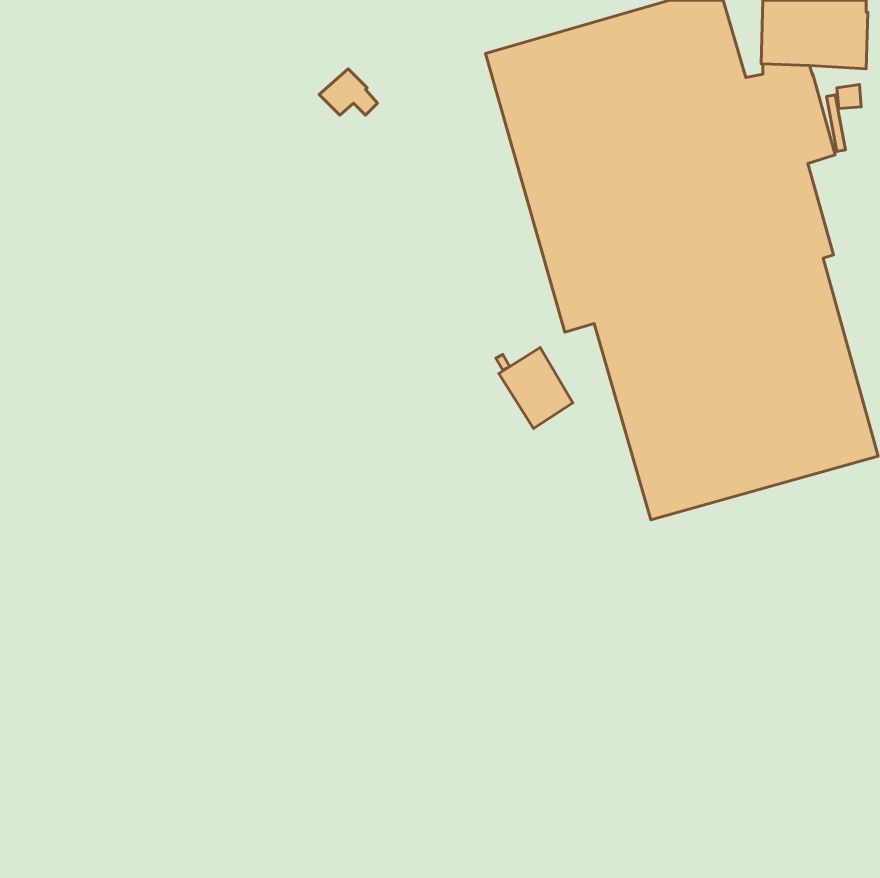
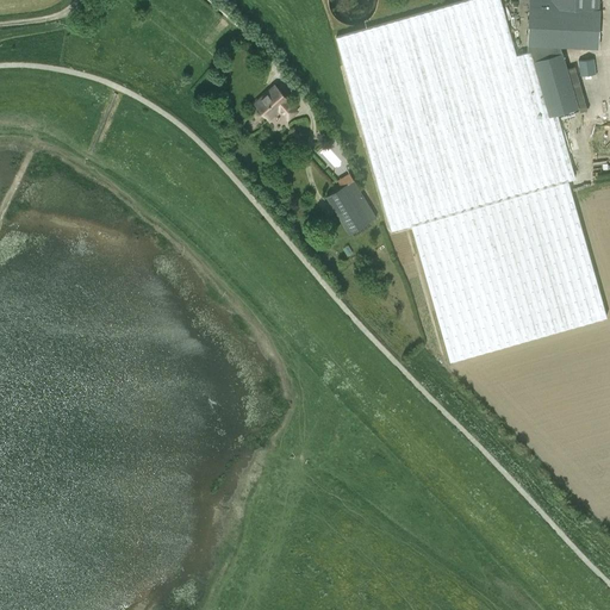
building: [319,69,378,115] -> [255,87,295,119]
building: [499,348,573,429] -> [325,179,376,235]

